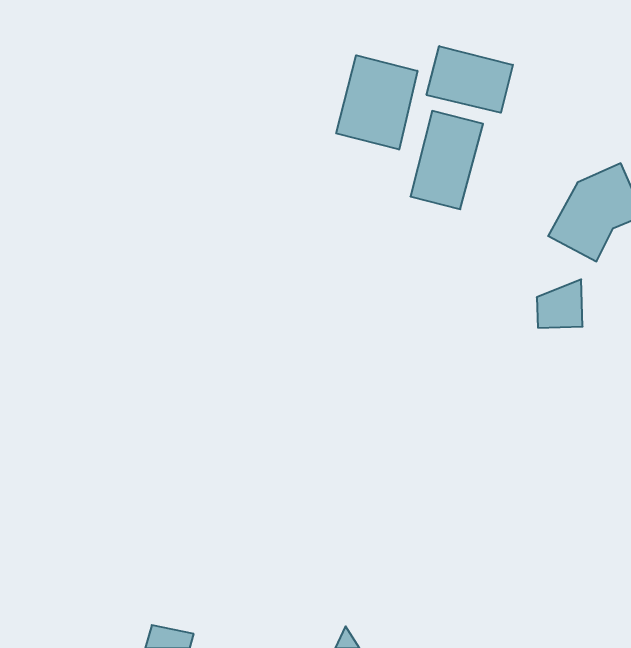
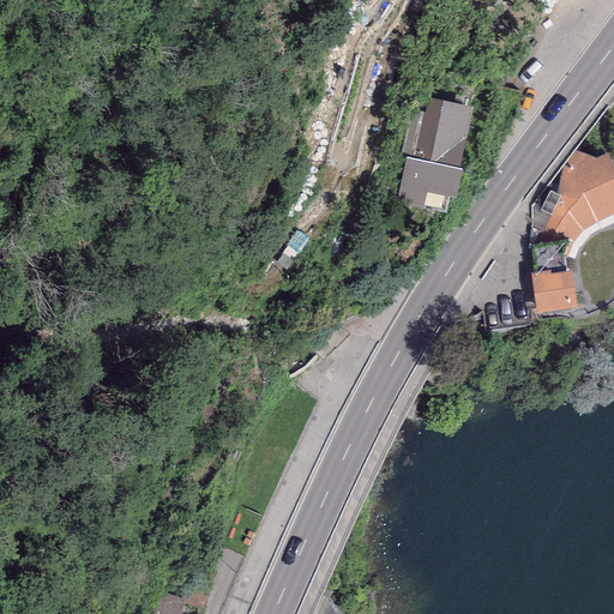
building: [427,46,513,113] -> none
building: [336,55,417,150] -> none

